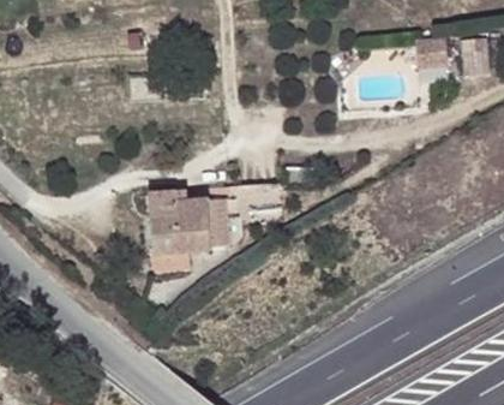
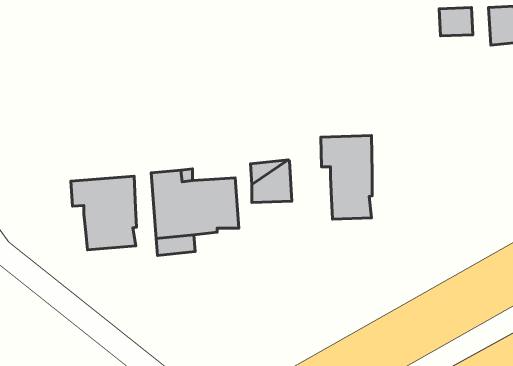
building: none -> [321,136,372,219]
building: none -> [71,176,136,250]

